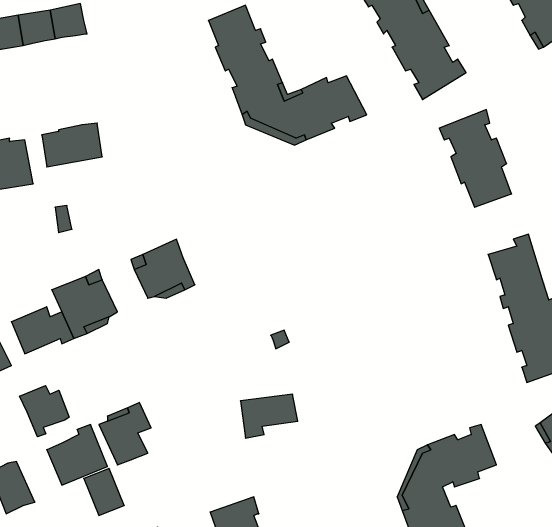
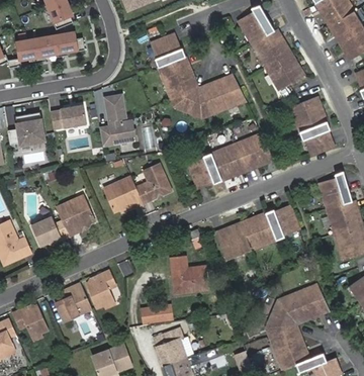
building: none -> [100,94,134,146]
building: none -> [188,133,273,187]
building: none -> [135,162,172,201]
building: none -> [216,205,297,259]
building: [20,386,69,437] -> none
building: none -> [141,302,174,322]

